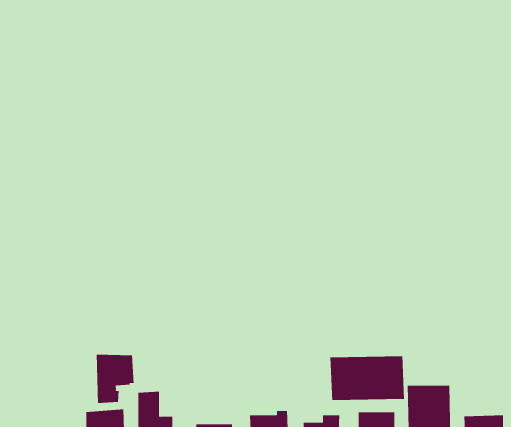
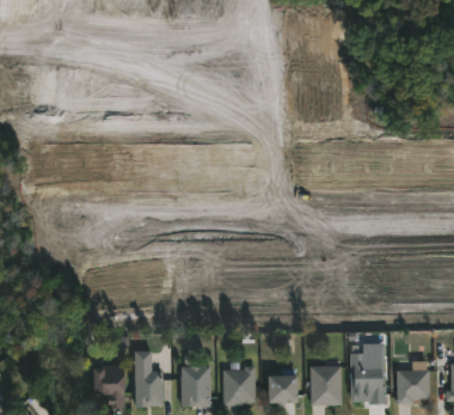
building: [96,354,134,404] -> none
building: [330,355,405,401] -> none

